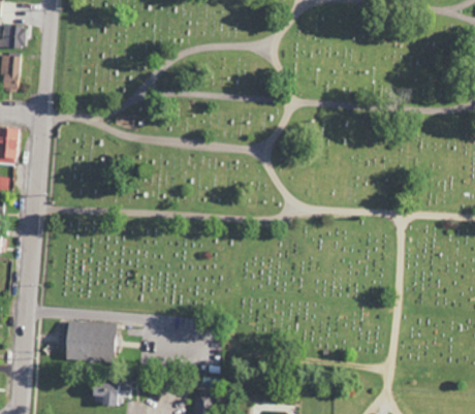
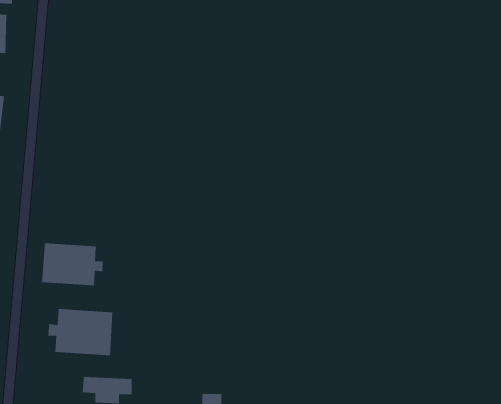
building: none -> [42,243,103,286]

